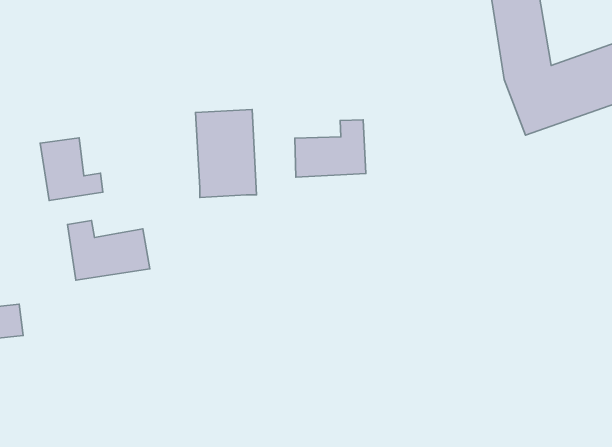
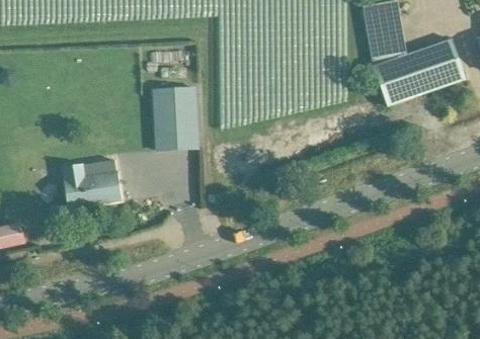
building: [295,120,366,177] -> none
building: [40,138,103,200] -> none

